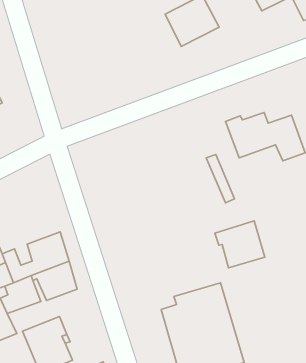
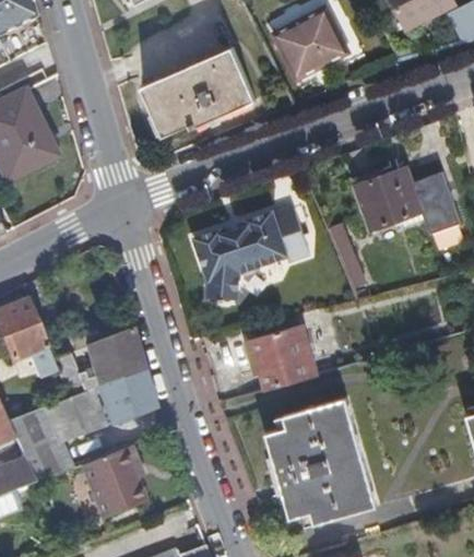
building: none -> [141,47,252,134]
building: none -> [194,208,310,301]
building: [215,221,265,268] -> [248,325,316,389]

